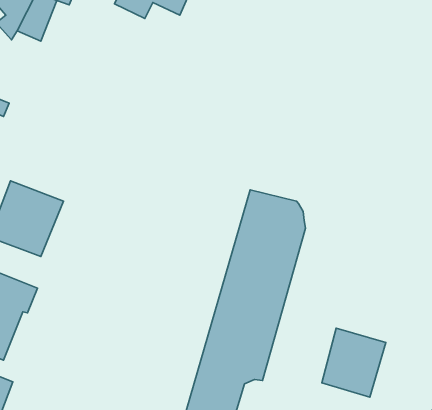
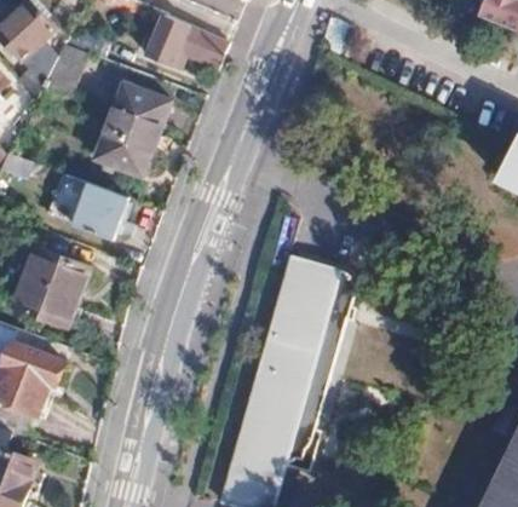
building: none -> [96,83,169,175]
building: none -> [71,183,128,240]
building: [322,328,386,397] -> none

